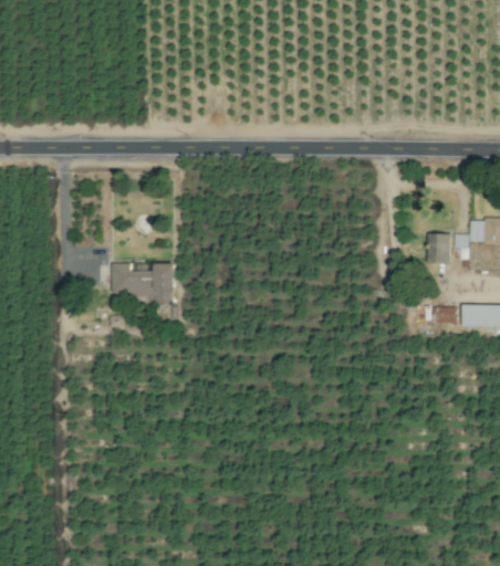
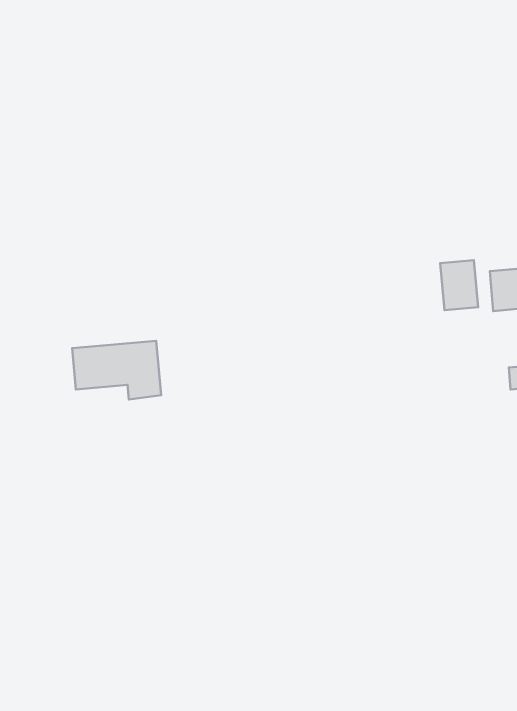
building: none -> [440,260,478,310]

